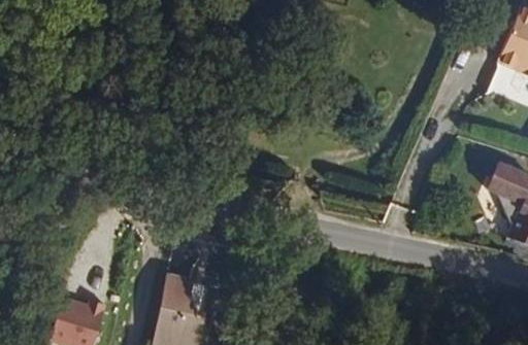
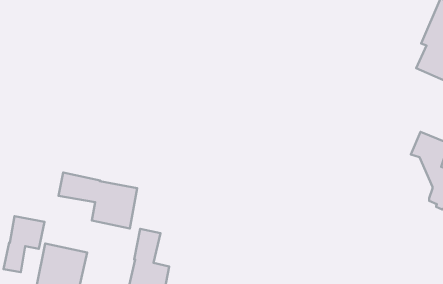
building: none -> [59,173,137,228]
building: none -> [4,216,45,272]

